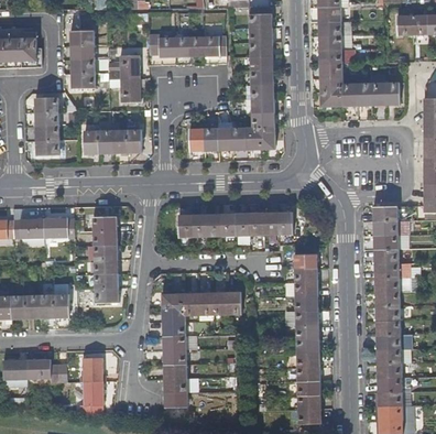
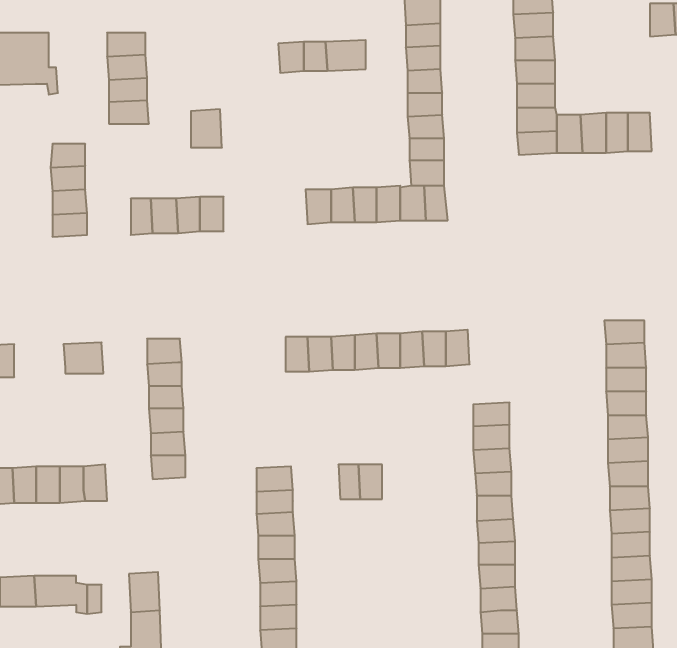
building: [149,33,176,56] -> none
building: [109,56,140,80] -> none
building: [15,220,46,240] -> none
building: [183,293,212,315] -> none

